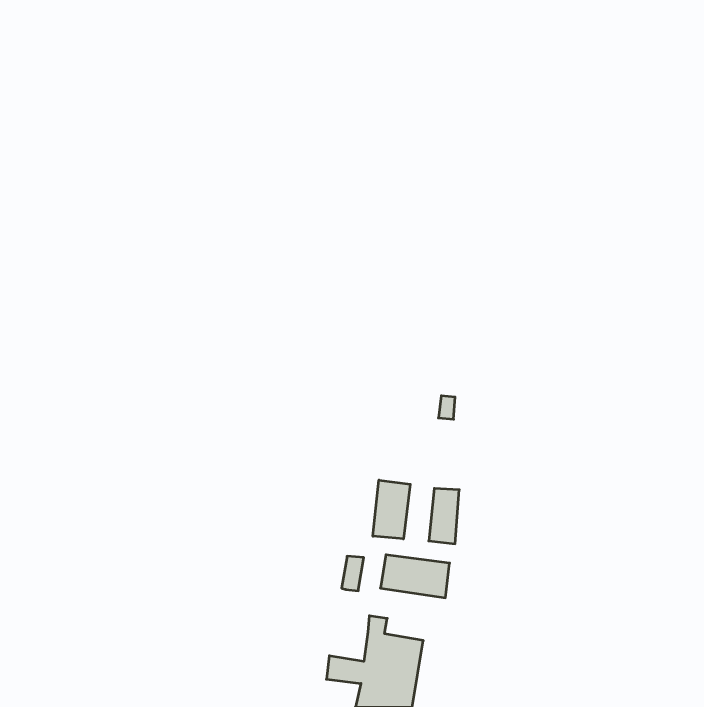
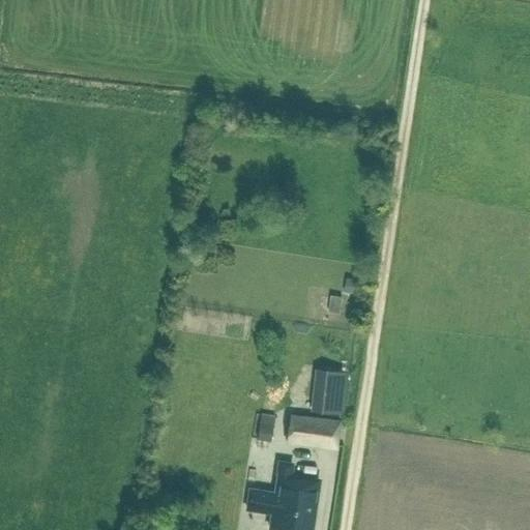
building: [373,480,410,539] -> none

